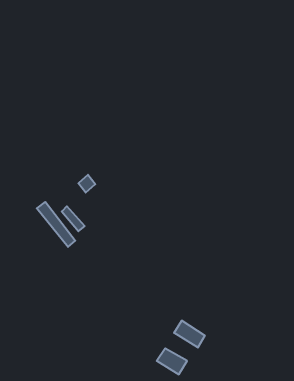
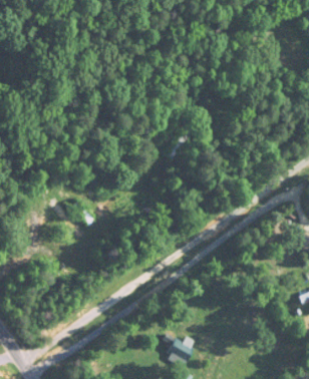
building: [174,320,205,348] -> none

